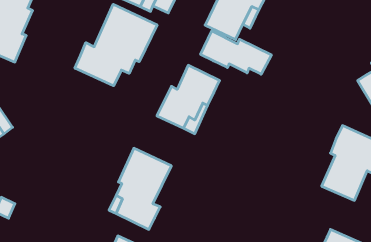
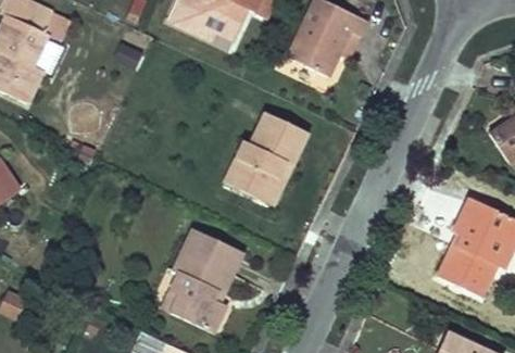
building: [75,4,157,86] -> none
building: [201,31,271,74] -> none

